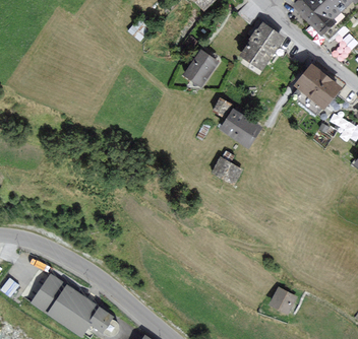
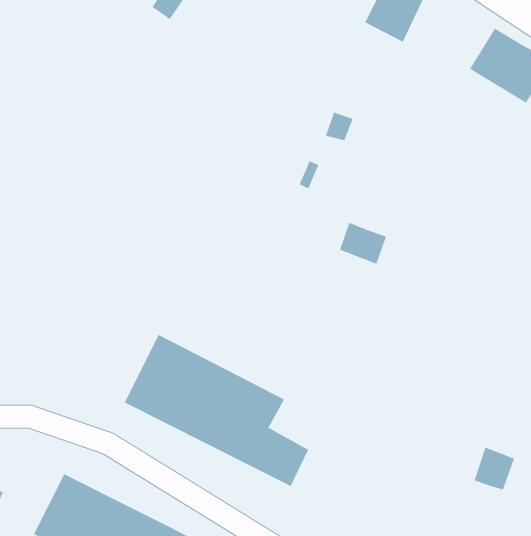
building: [184,51,216,84] -> none
building: [221,109,259,145] -> none
building: none -> [124,334,309,487]

